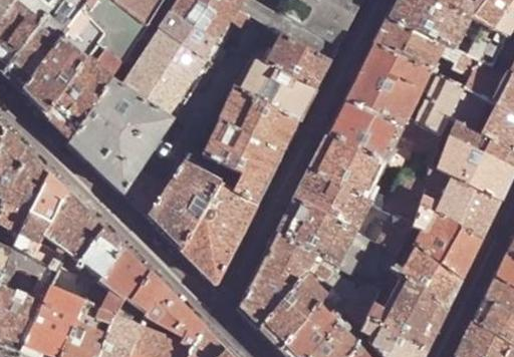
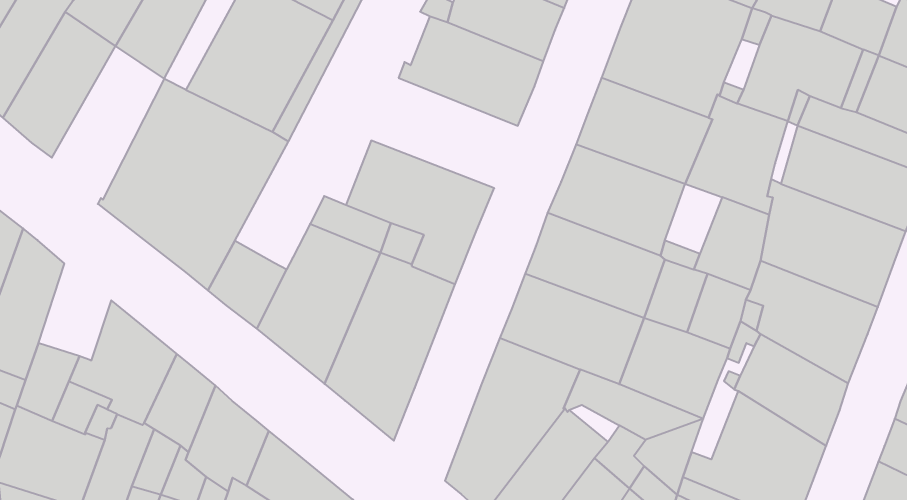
building: [47,58,111,139] -> none
building: [219,90,298,154] -> none
building: [30,171,71,225] -> none

